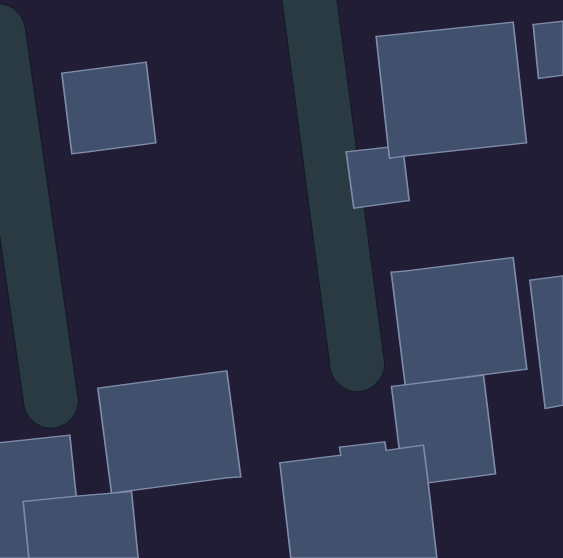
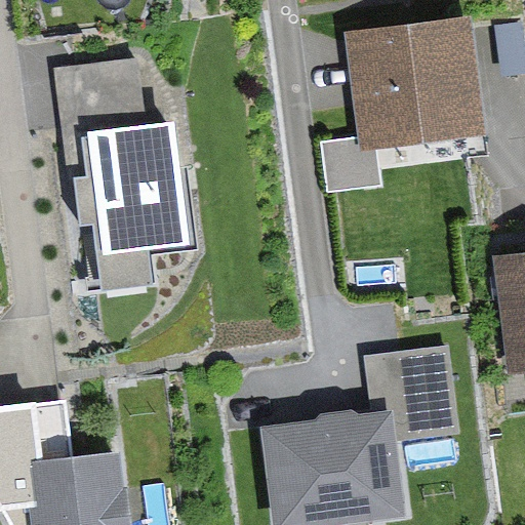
building: none -> [76,129,190,292]
building: [391,257,527,385] -> none
building: [98,371,241,493] -> none

